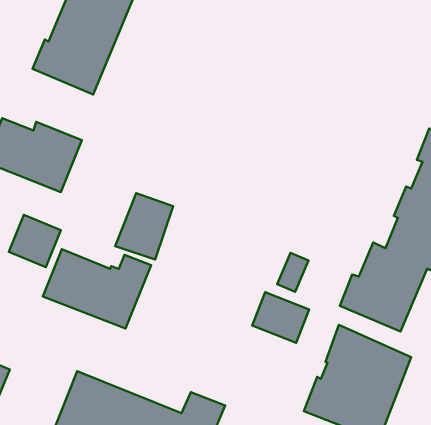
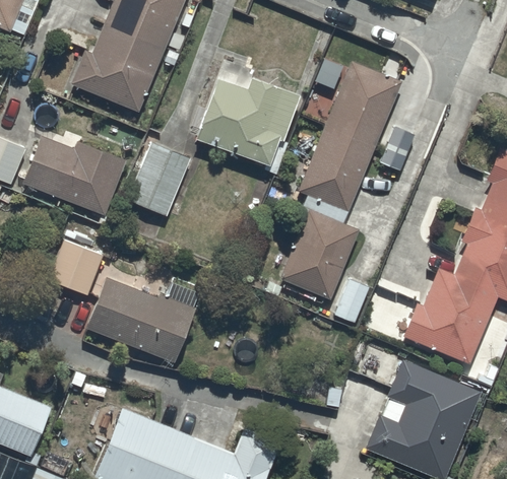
building: none -> [196,55,301,165]
building: none -> [280,61,401,300]
building: [115,193,173,259] -> [128,144,190,215]
building: [252,292,309,343] -> none

